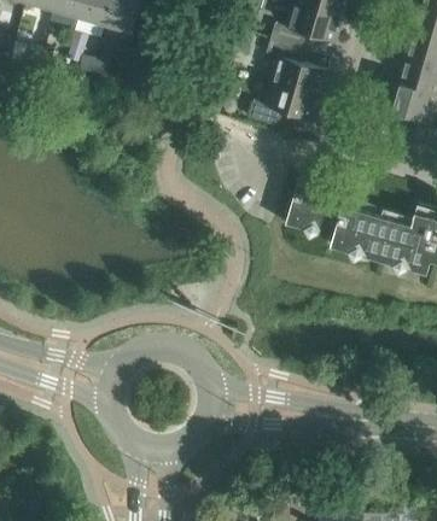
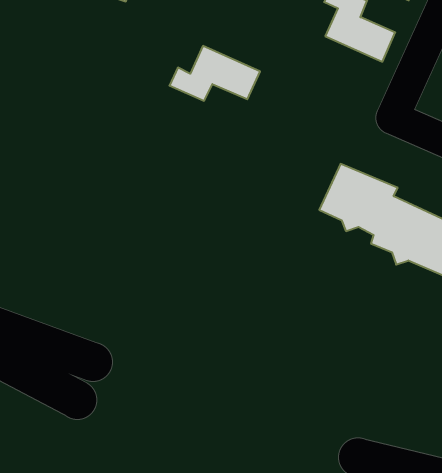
building: [250,82,322,127] -> [169,46,260,101]

